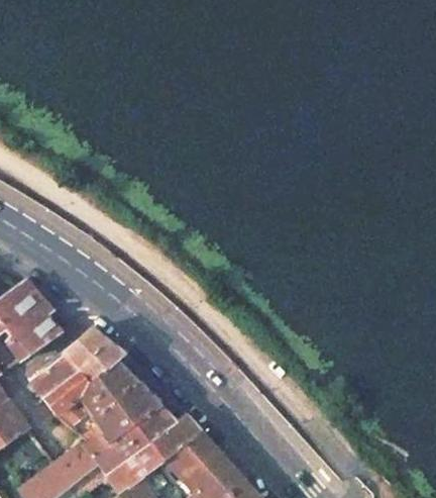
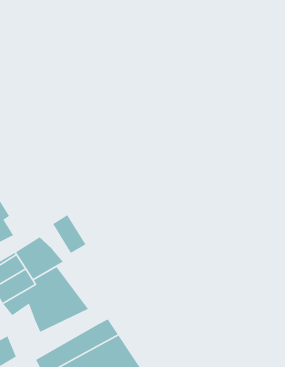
building: none -> [52,214,87,254]
building: [70,407,176,476] -> none

